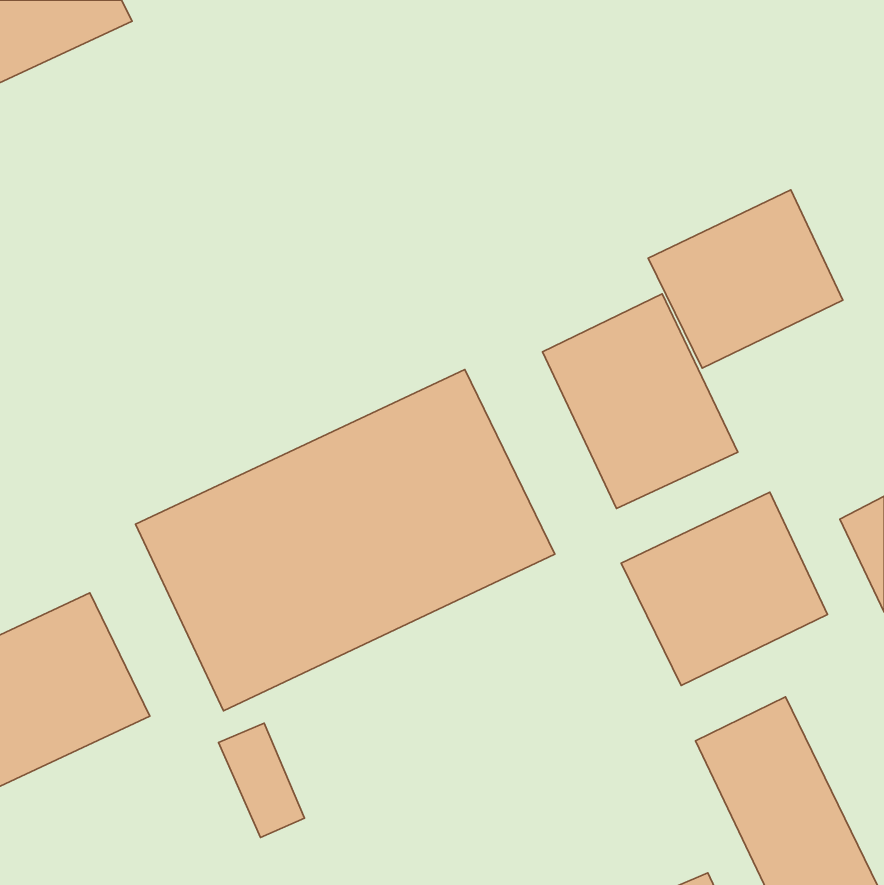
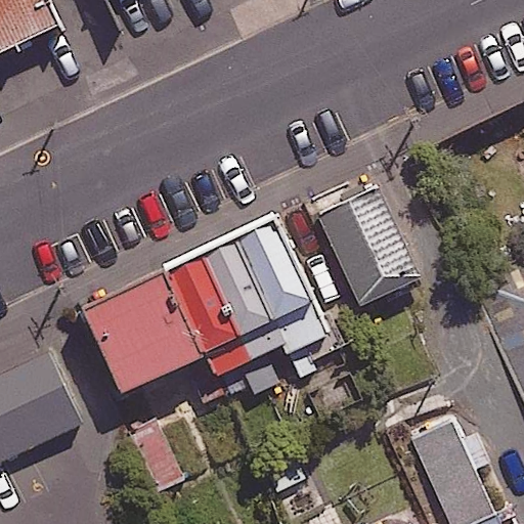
building: [648,190,843,368] -> none
building: [621,492,827,685] -> none

